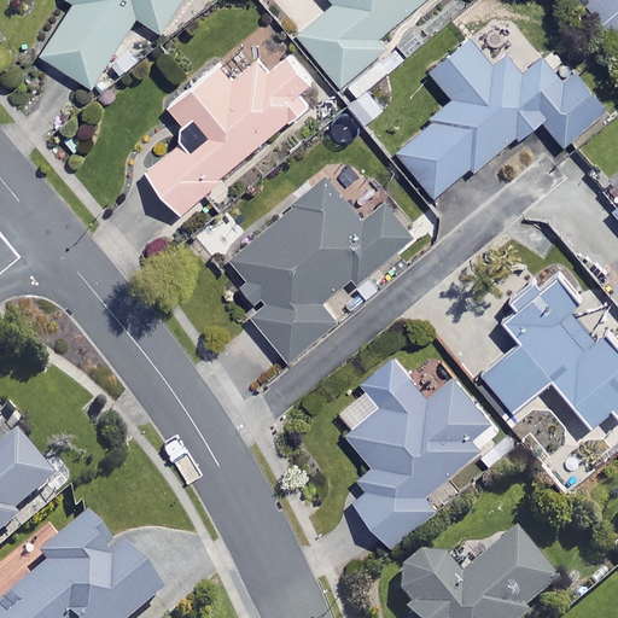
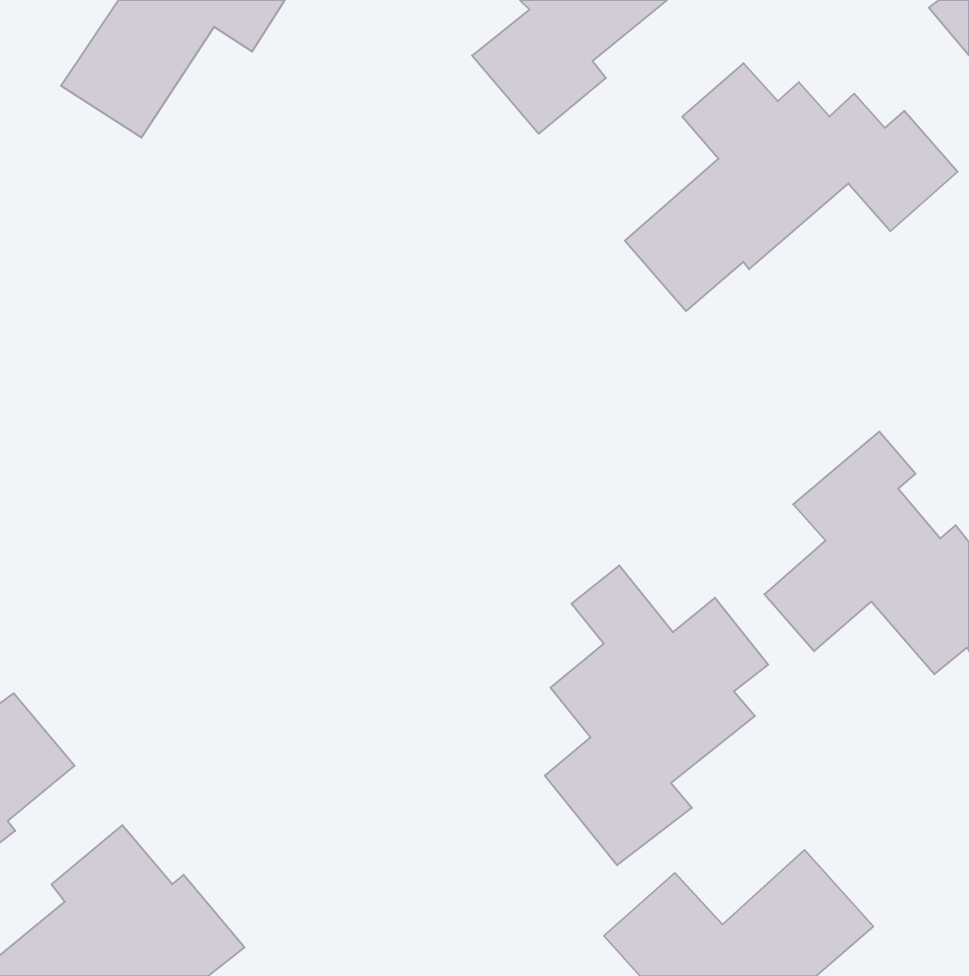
building: [144,56,319,210] -> none
building: [227,182,414,362] -> none

